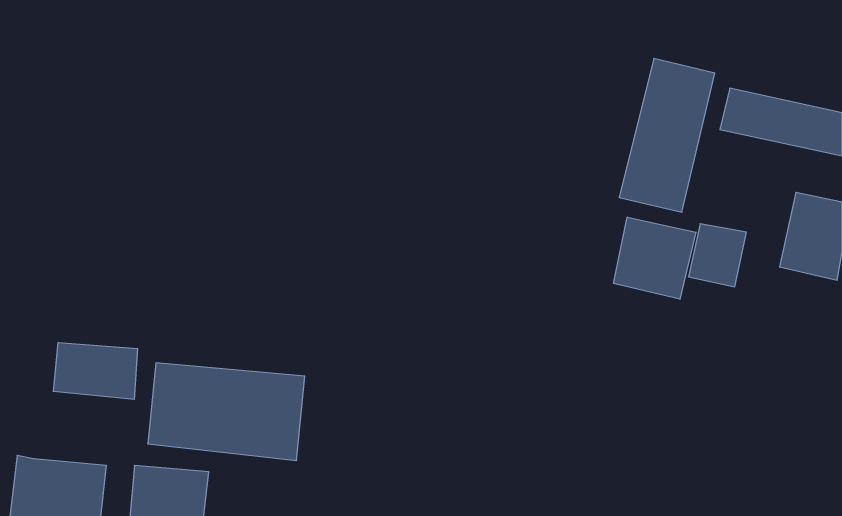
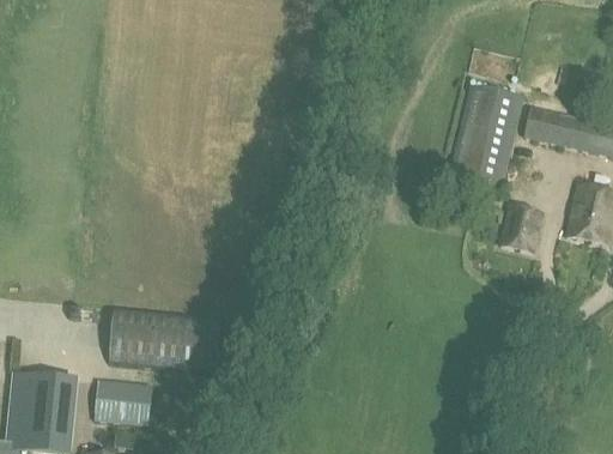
building: [614,217,696,299] -> none
building: [53,342,138,399] -> none

